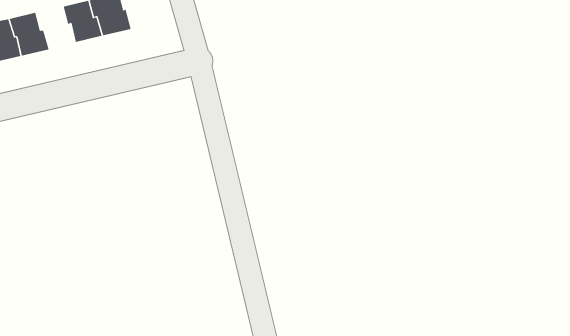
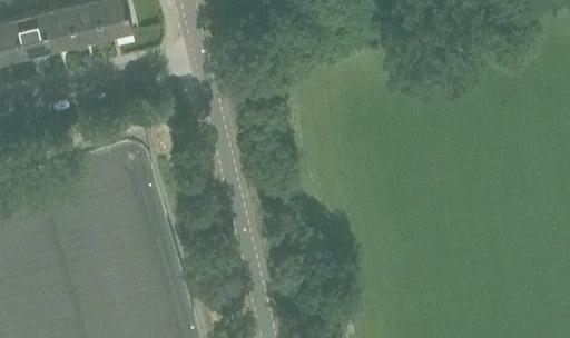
building: none -> [38,8,77,50]

